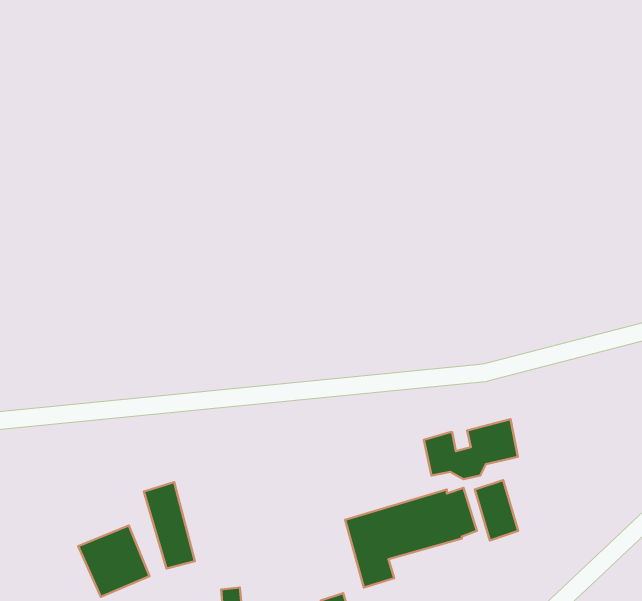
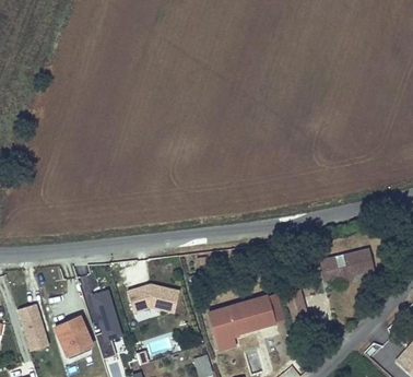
building: [424,419,518,479] -> [320,249,375,284]
building: none -> [127,283,178,313]
building: none -> [19,304,48,351]

